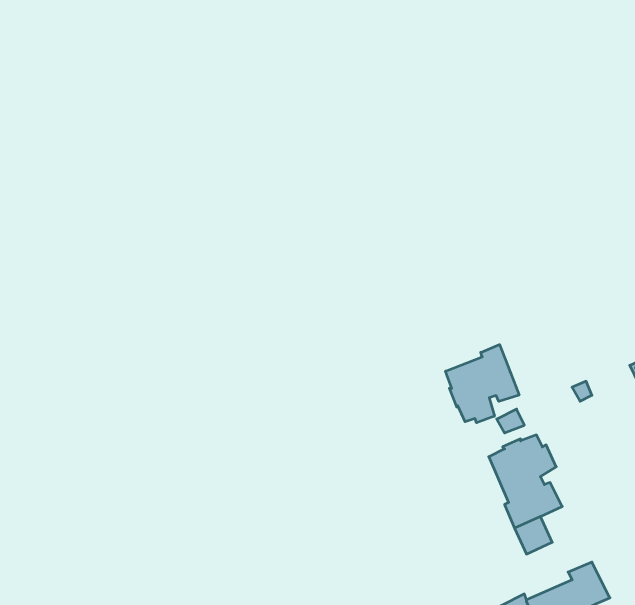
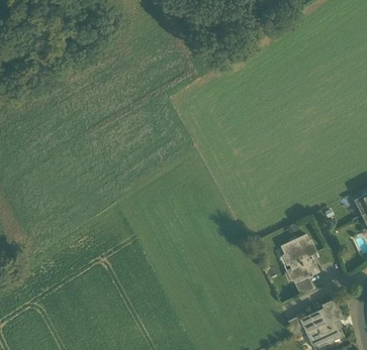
building: [446,345,519,423] -> none

